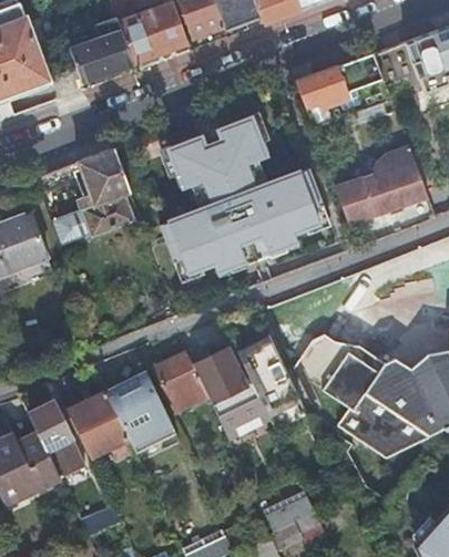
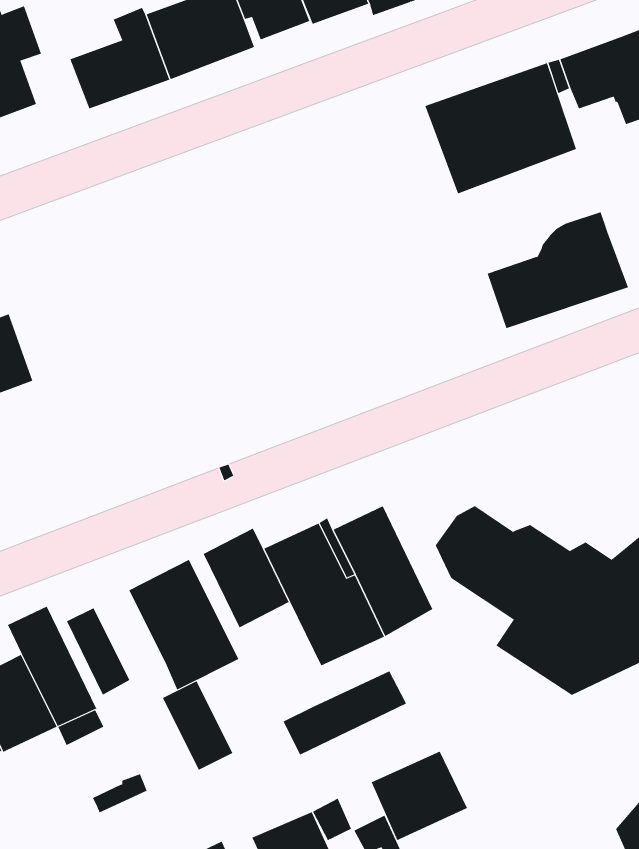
building: [160,120,329,286] -> none
building: [35,148,136,252] -> none
building: [83,390,129,447] -> [162,681,233,770]
building: none -> [283,670,408,756]

